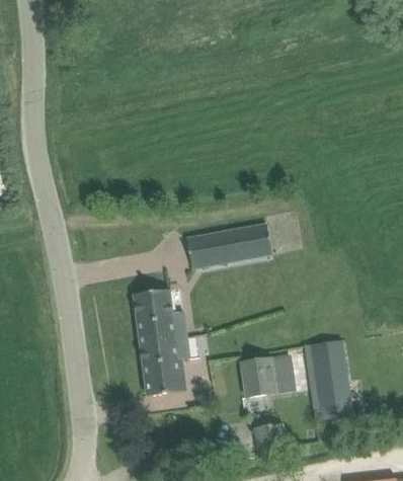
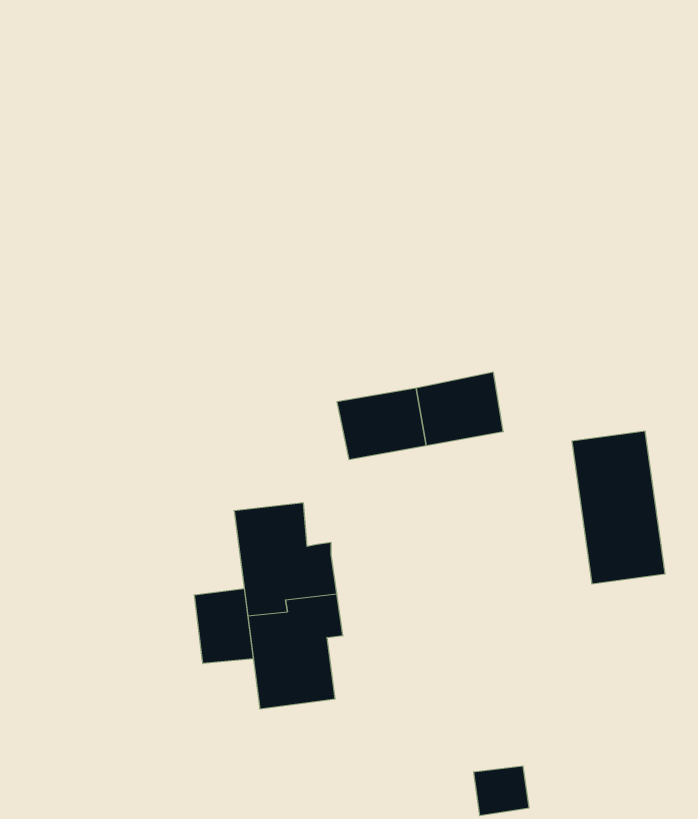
building: none -> [194,588,253,664]
building: [304,339,351,417] -> [572,431,665,584]
building: [241,354,294,396] -> none

